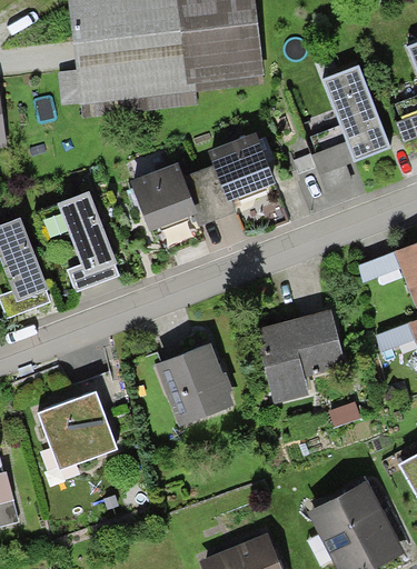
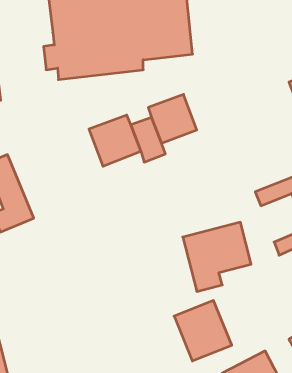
building: [312,66,389,193] -> none
building: [33,191,122,295] -> none
building: [156,346,234,427] -> [174,301,232,361]
building: [36,390,116,470] -> none

